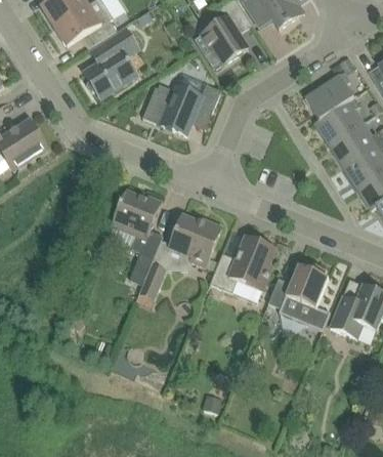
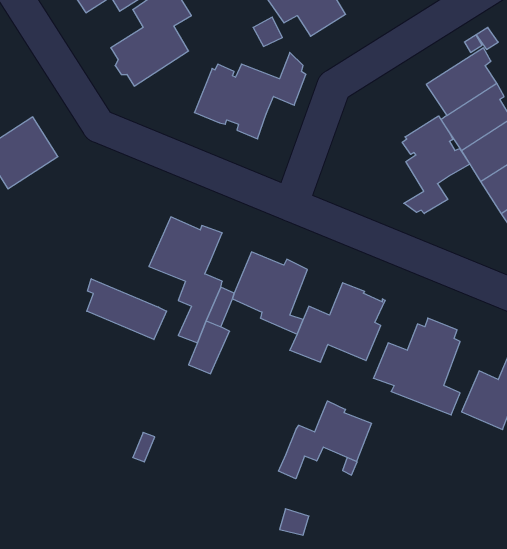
building: none -> [402,116,470,214]
building: none -> [87,279,167,340]
building: none -> [279,401,371,479]

